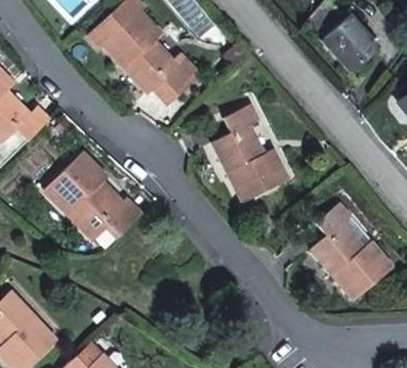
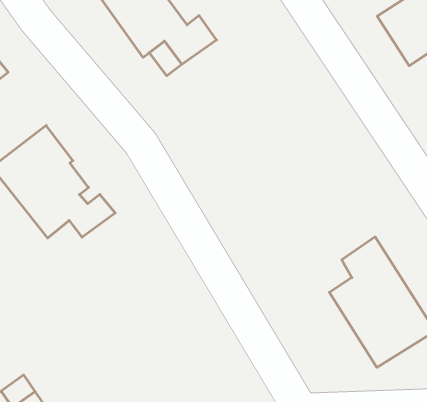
building: [214,104,290,201] -> none

